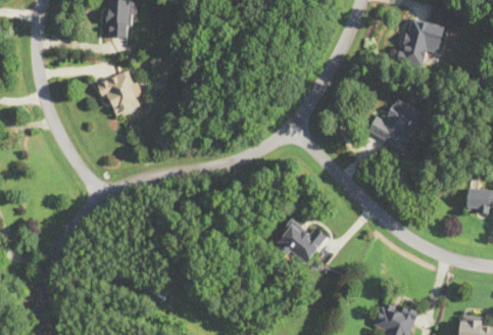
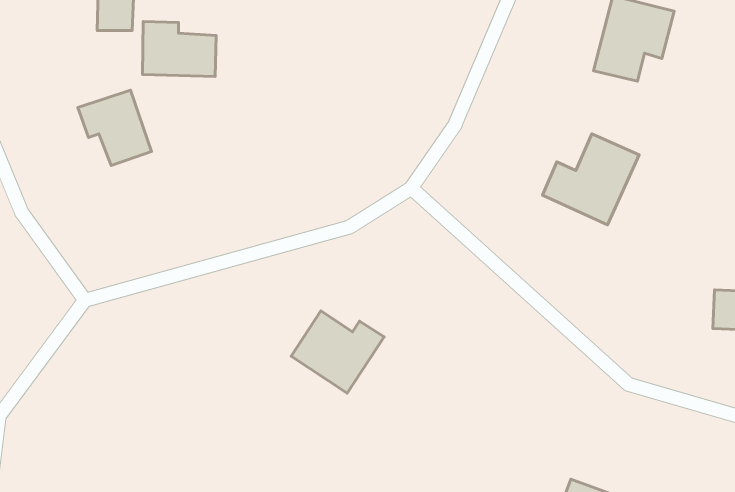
building: none -> [142,21,216,77]
building: [273,220,327,268] -> [291,311,384,393]

